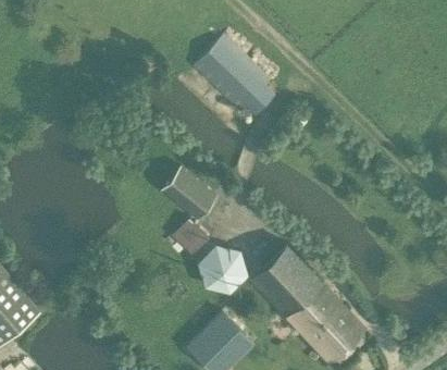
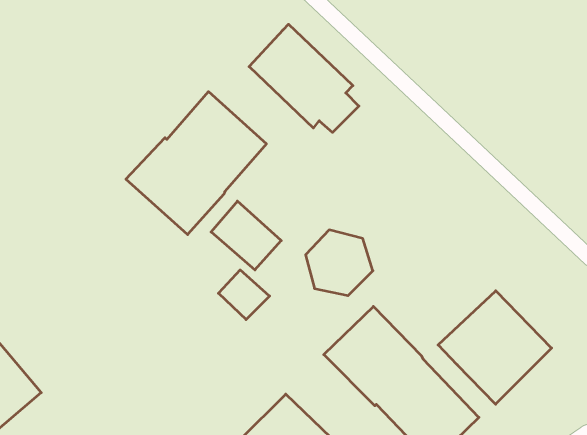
building: none -> [126,92,266,235]
building: none -> [438,291,552,404]
building: [199,245,249,294] -> [306,230,373,296]

